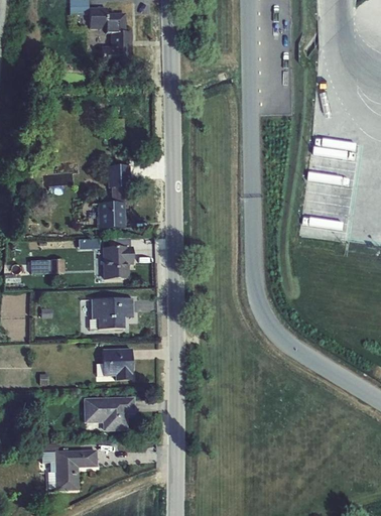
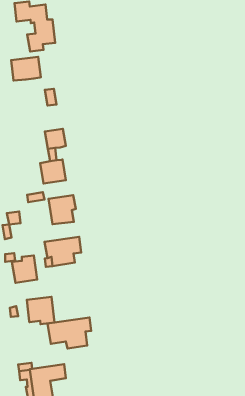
building: none -> [11,57,41,81]
building: none -> [12,256,37,283]
building: [102,348,132,379] -> [27,297,55,324]

